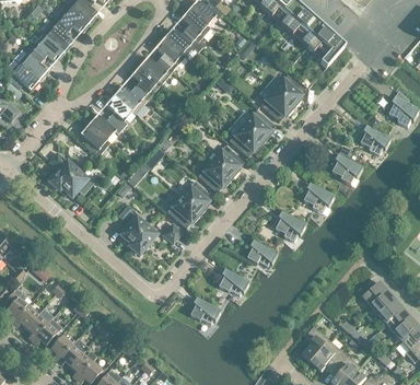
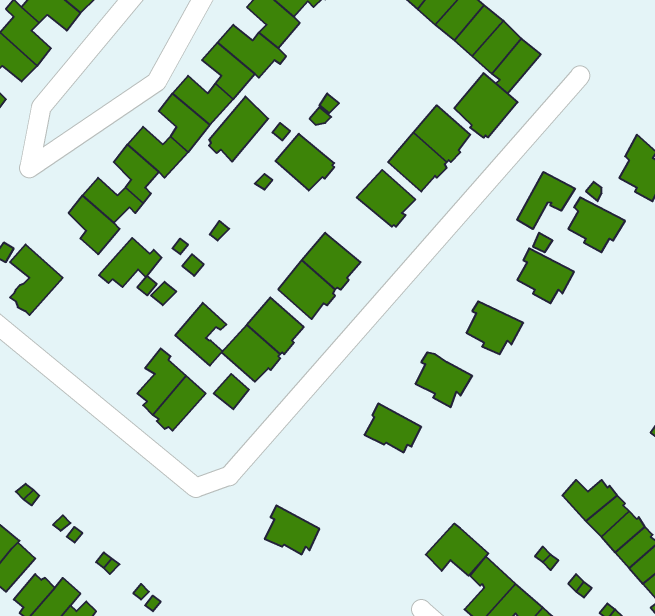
building: none -> [454,73,518,138]
building: none -> [209,96,268,162]
building: none -> [517,172,575,229]
building: [229,126,261,158] -> [275,134,334,191]
building: [59,171,94,198] -> [99,238,162,287]
building: none -> [175,303,226,366]
building: [218,269,249,296] -> none
building: none -> [426,524,488,576]

